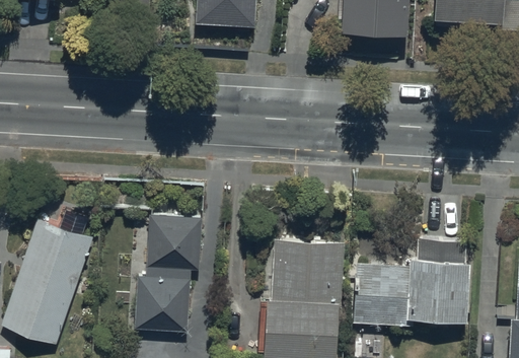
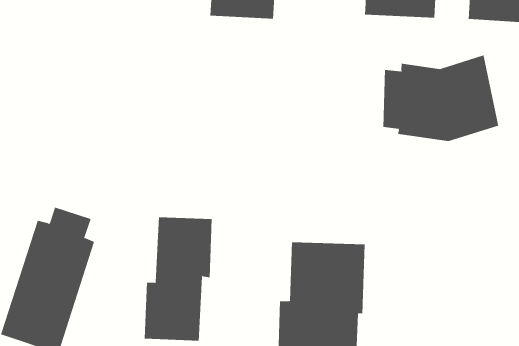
building: none -> [383,55,499,142]
building: [353,240,464,326] -> none

